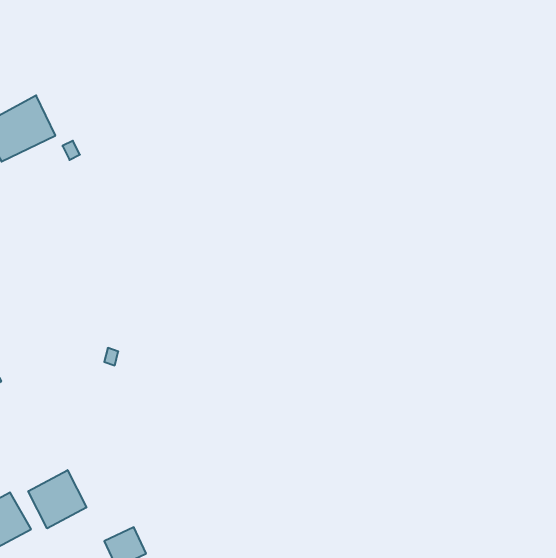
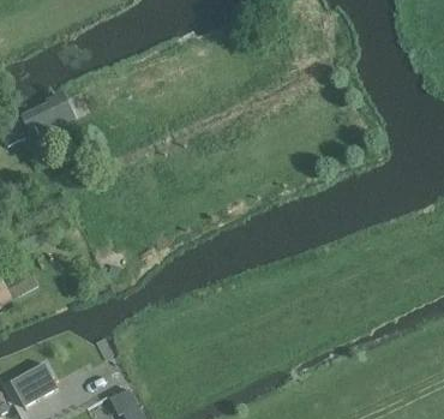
building: [28,470,86,528] -> none

